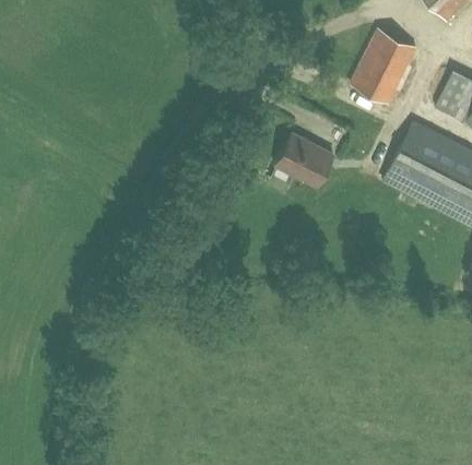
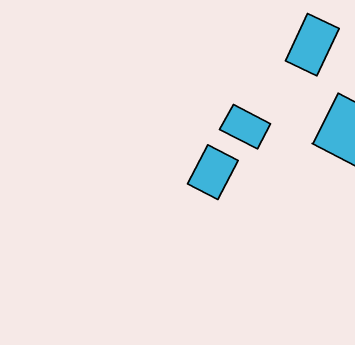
building: none -> [187,145,238,200]

